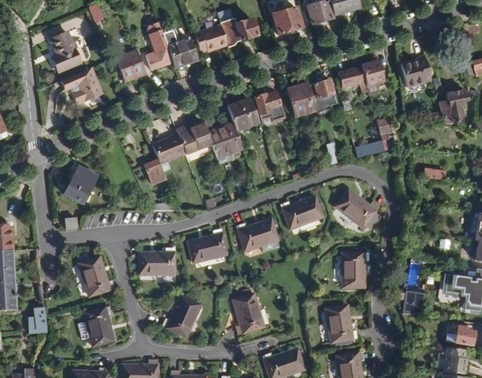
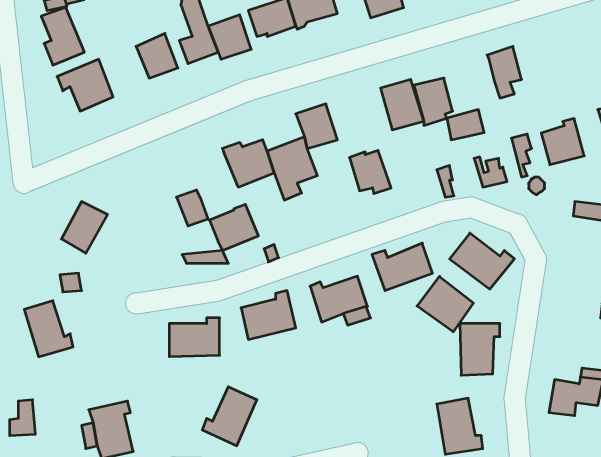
building: [402,54,432,86] -> [541,119,584,165]
building: [340,66,366,87] -> [447,110,484,140]
building: [256,91,285,121] -> [349,150,391,194]
building: [153,132,187,164] -> [209,204,258,250]
building: none -> [417,276,473,332]
building: [80,256,114,295] -> [24,301,73,357]
building: [234,292,265,334] -> none

